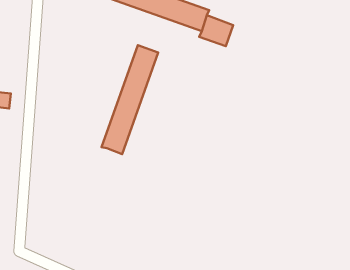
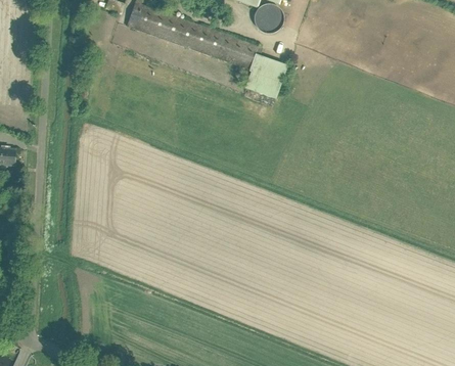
building: [102,45,158,154] -> none

